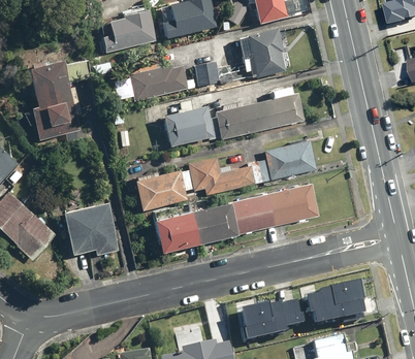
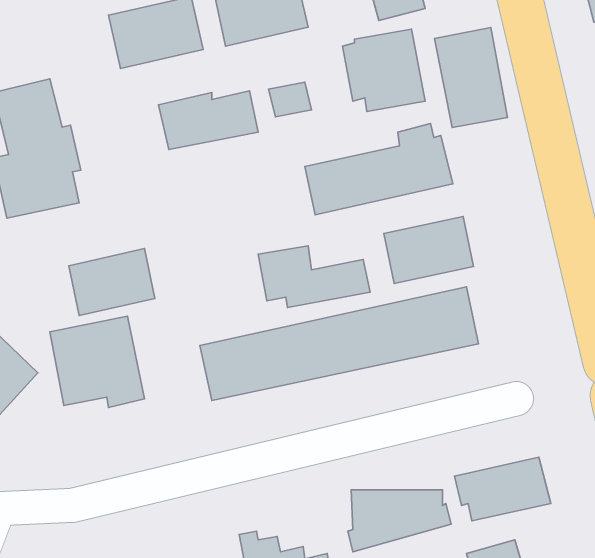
building: none -> [434,27,508,128]
building: [163,104,214,145] -> none
building: [135,170,187,210] -> [69,249,155,316]

